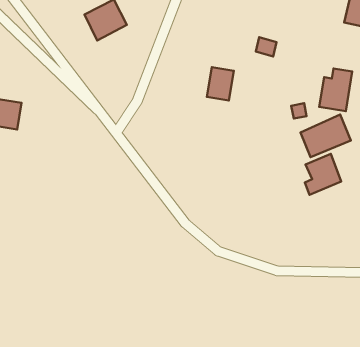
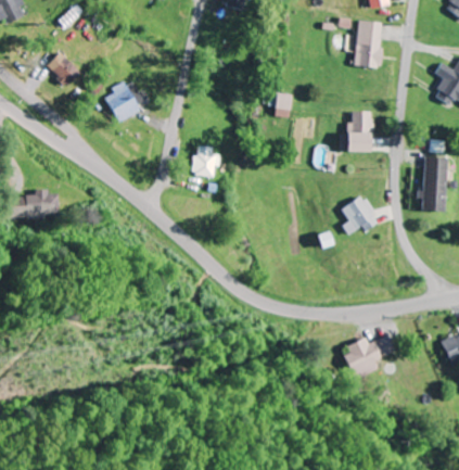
building: [207,67,234,100] -> [194,147,216,176]
building: [300,115,351,157] -> none
building: none -> [344,335,396,379]

